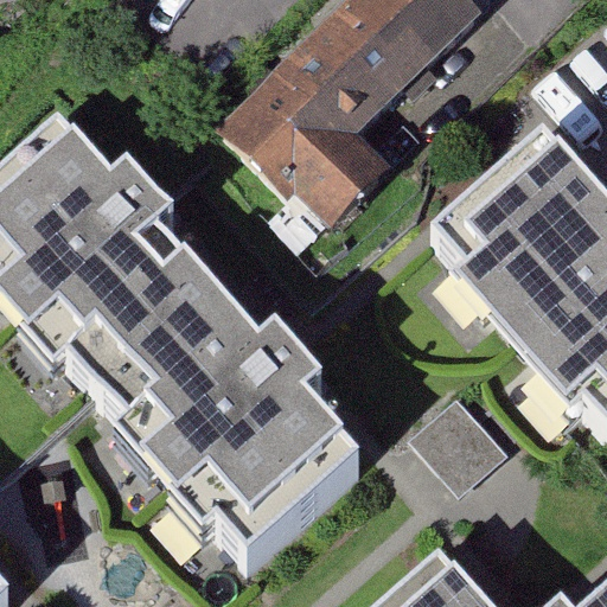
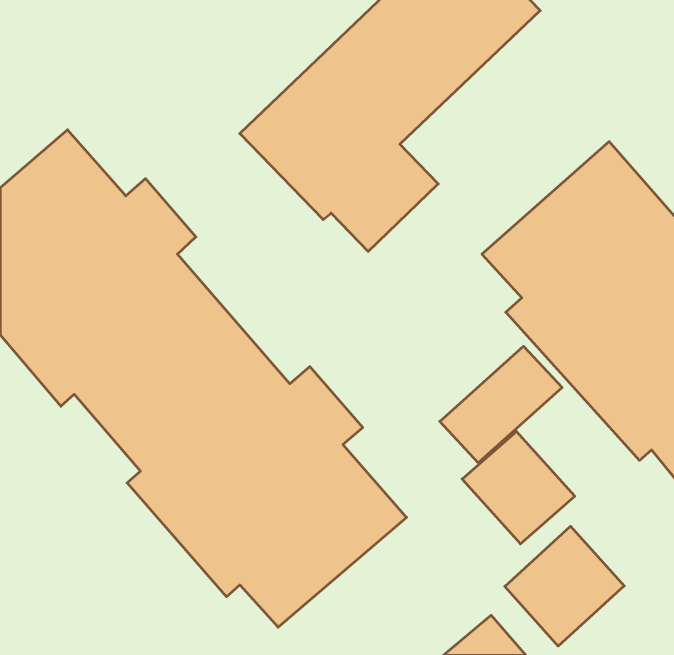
building: none -> [440,346,562,463]
building: none -> [505,526,624,646]

